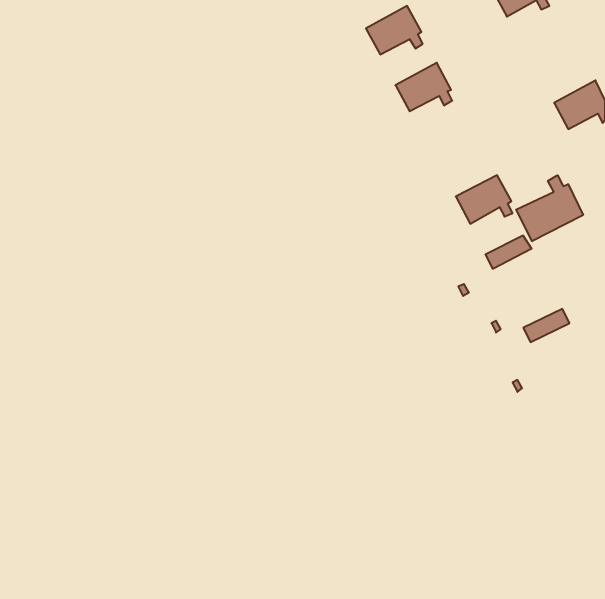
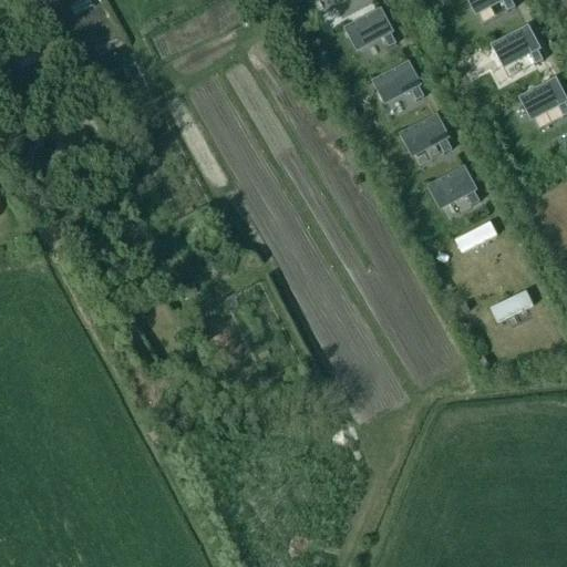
building: none -> [488,22,542,68]
building: none -> [399,112,452,157]
building: [516,175,583,241] -> none

